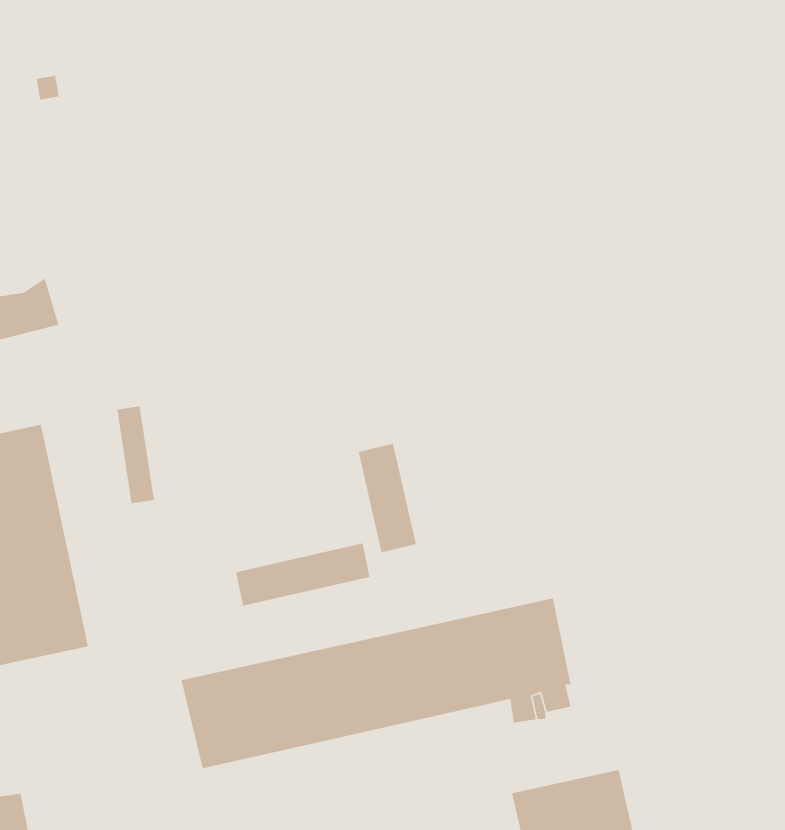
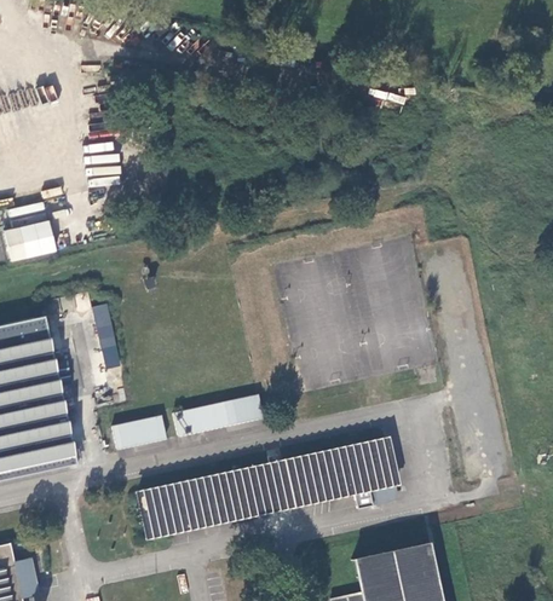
building: [358,443,417,553] -> none
building: none -> [110,416,165,450]

